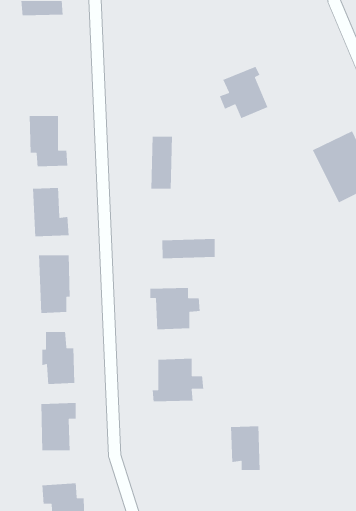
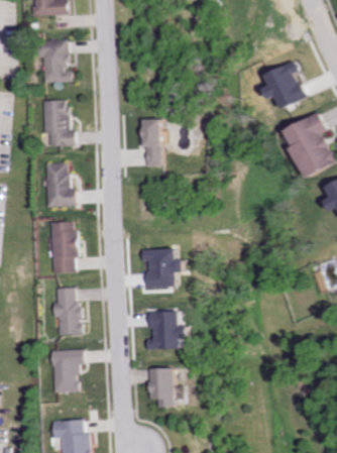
building: none -> [39,39,71,82]
building: [219,66,269,119] -> [264,62,308,108]
building: [162,238,216,259] -> none
building: [230,426,260,471] -> [149,367,176,407]

